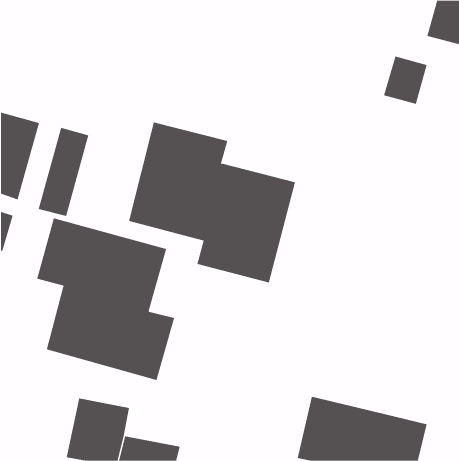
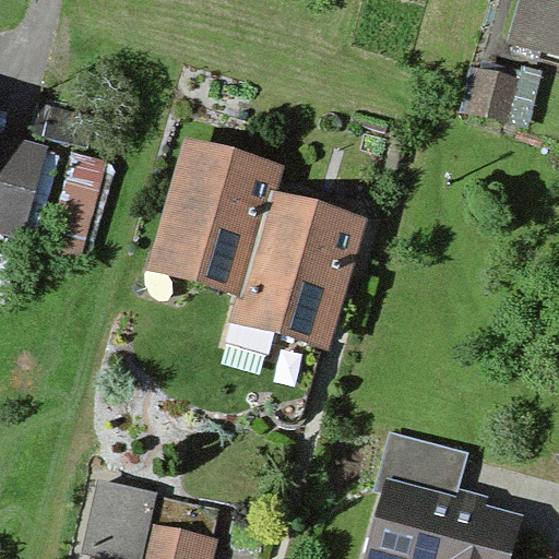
building: [37,218,175,381] -> none
building: none -> [379,433,467,498]

